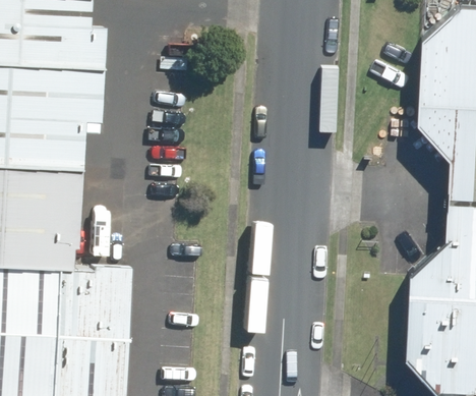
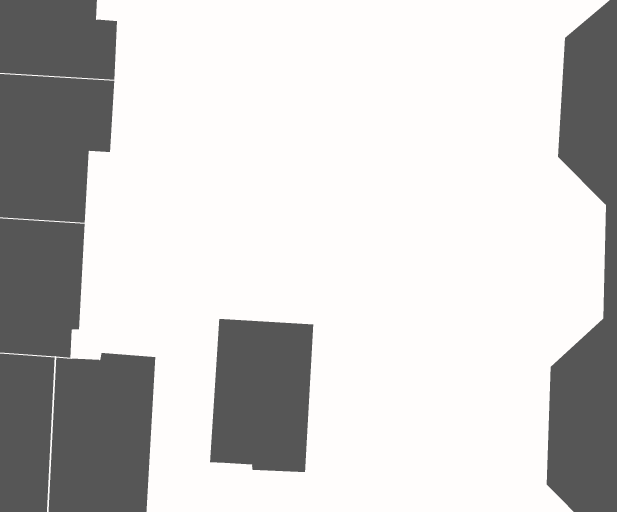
building: none -> [209,318,314,473]

